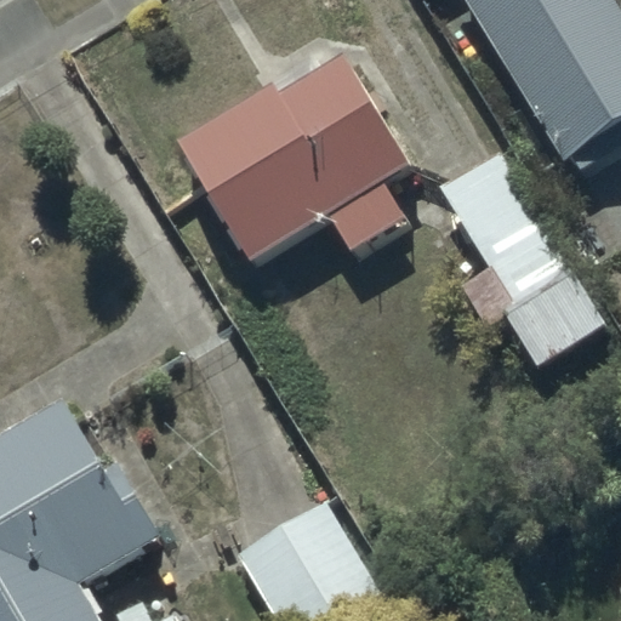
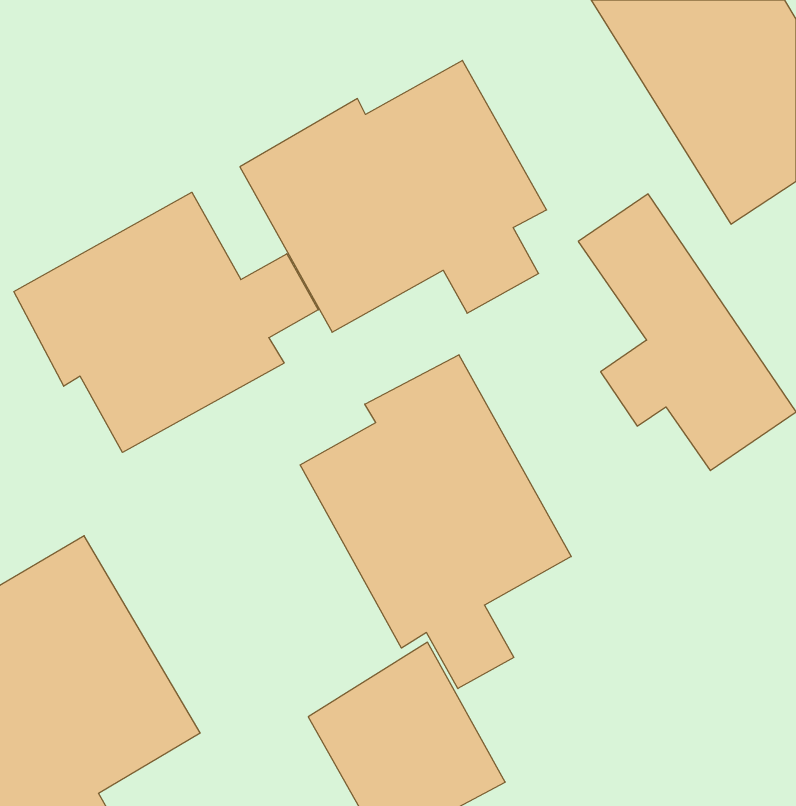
building: none -> [14,192,318,452]
building: none -> [300,355,571,689]

